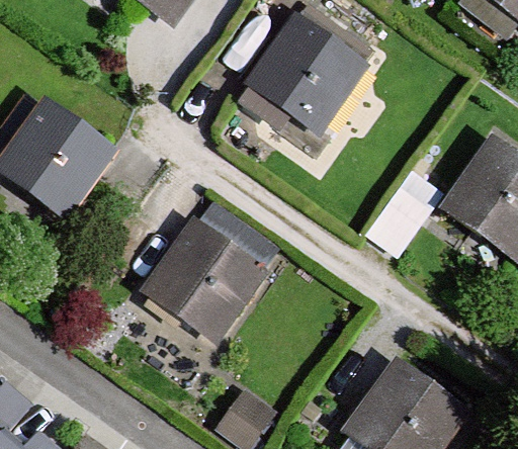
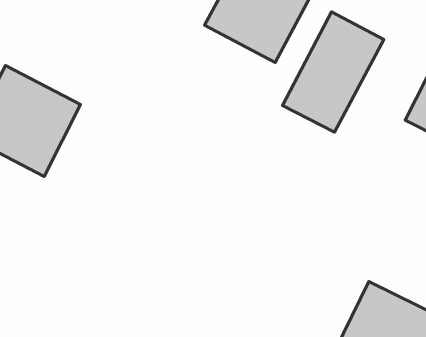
building: none -> [282,12,384,132]
building: [144,222,261,339] -> none

